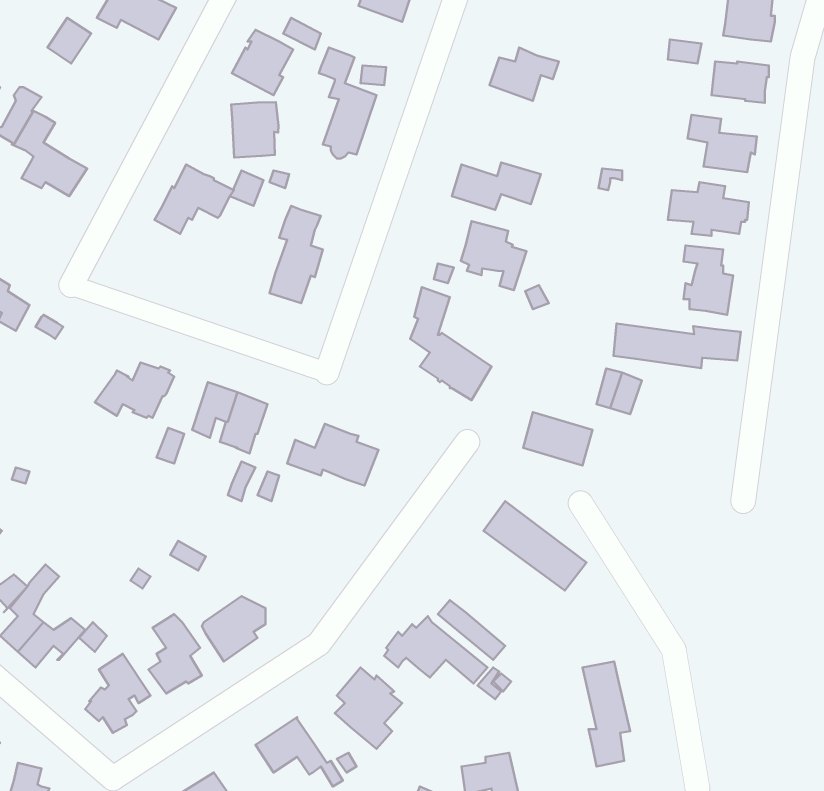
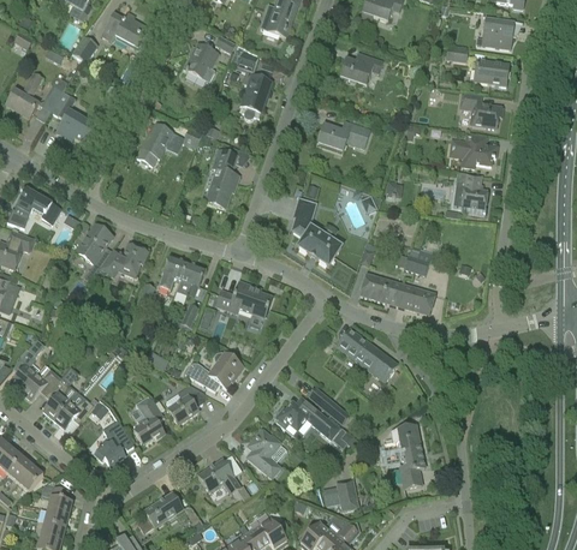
building: [231,102,278,157] -> none
building: [461,221,526,290] -> none
building: [613,323,741,368] -> none
building: none -> [76,223,112,267]
building: none -> [395,283,435,315]
building: none -> [184,351,242,390]

